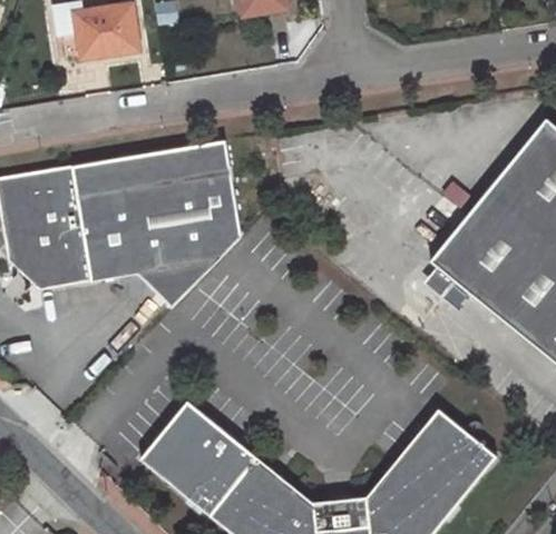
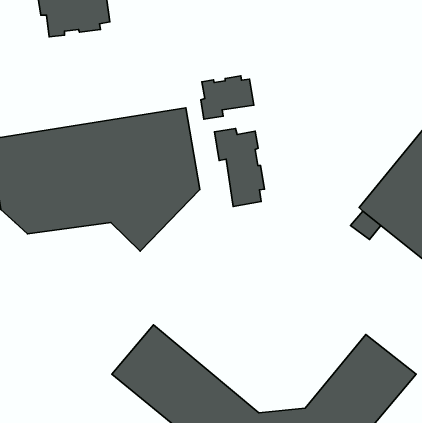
building: none -> [201,76,254,119]
building: none -> [214,128,264,206]

